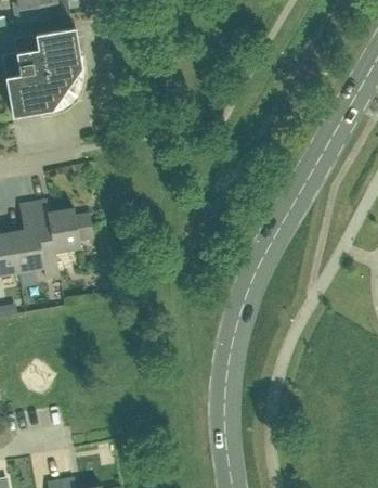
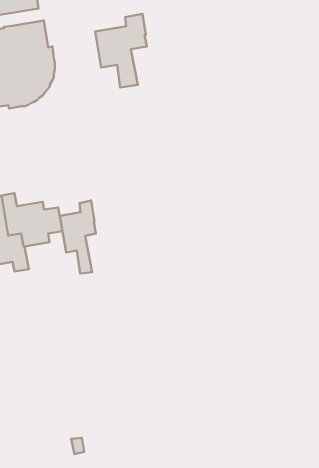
building: none -> [95,14,147,87]
building: none -> [60,201,96,274]

